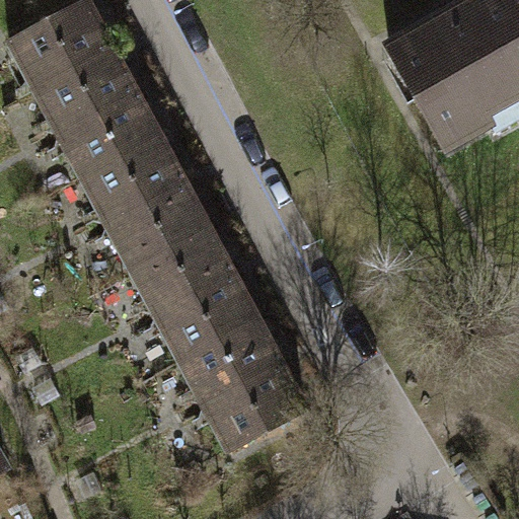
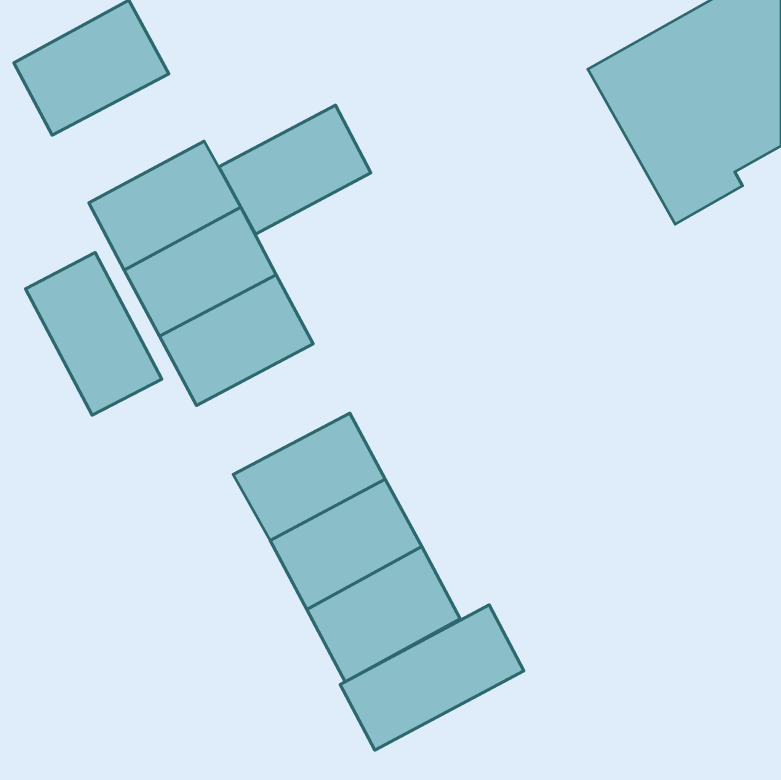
building: [34,49,135,134] -> [219,105,371,234]
building: none -> [26,253,162,415]
building: [130,227,231,313] -> none
building: none -> [340,605,524,750]

